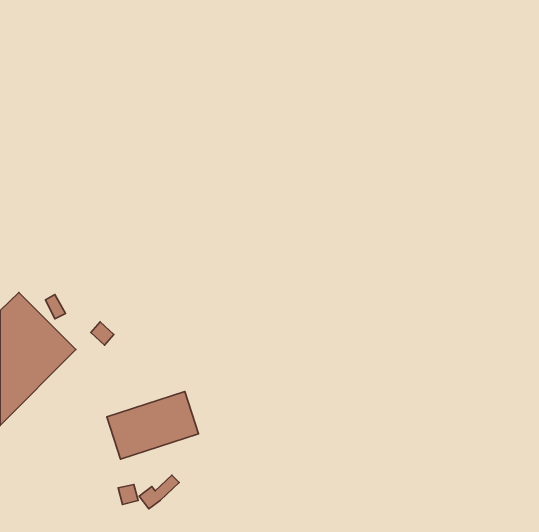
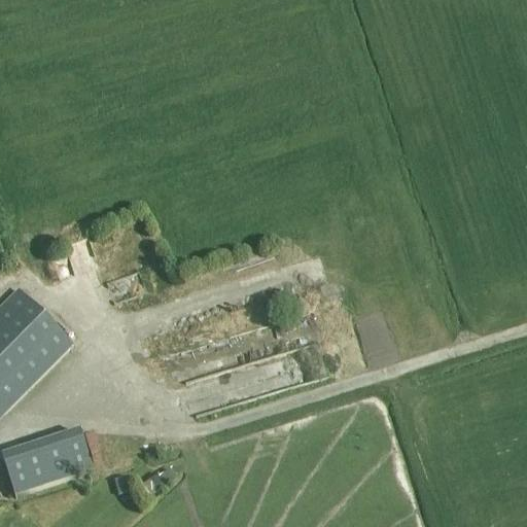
building: [107,392,198,459] -> [4,428,94,494]

